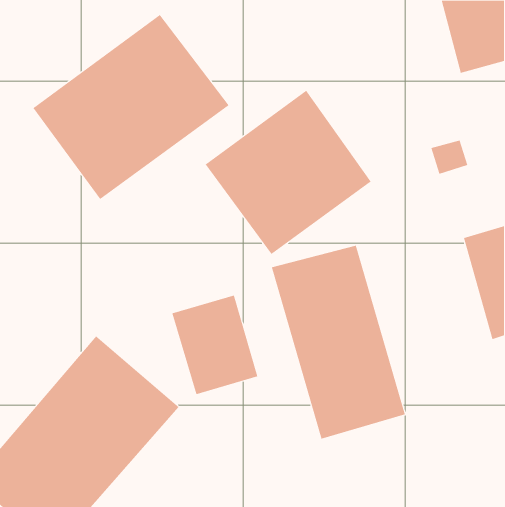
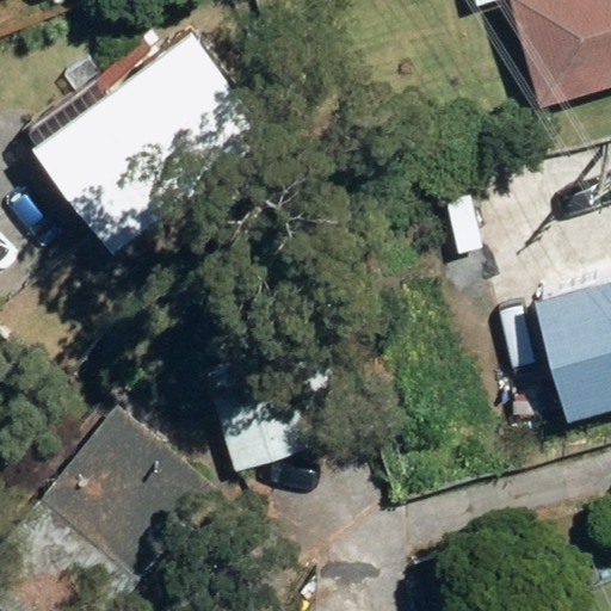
building: [205,90,371,255] -> none
building: [271,245,406,439] -> none

